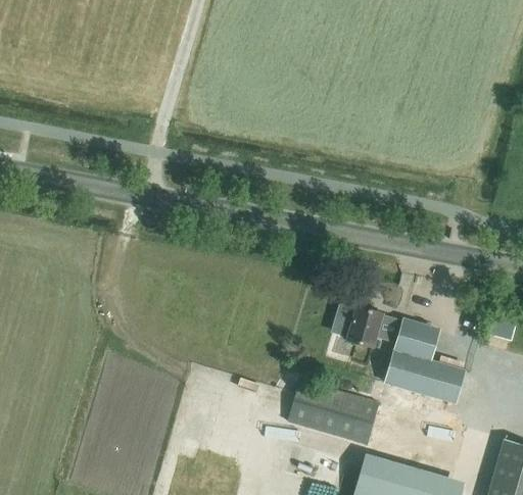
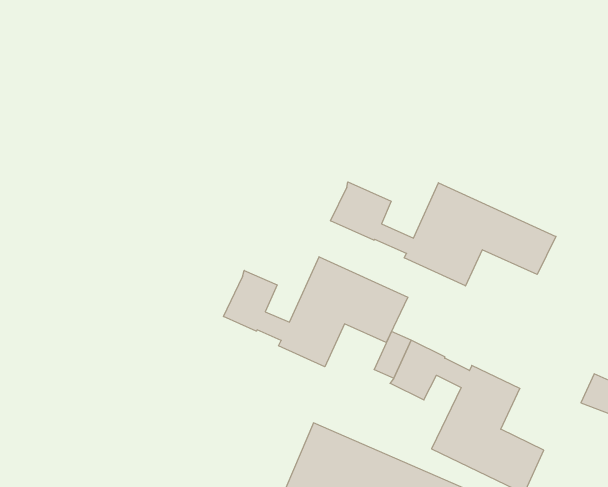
building: none -> [331,182,556,286]
building: none -> [224,257,408,367]

